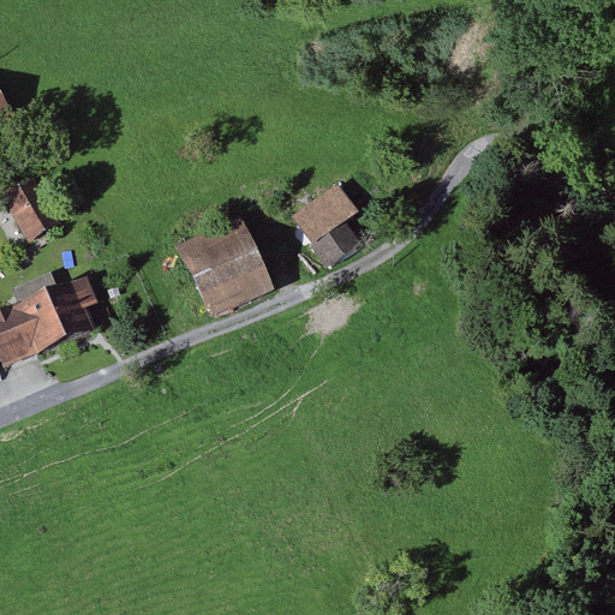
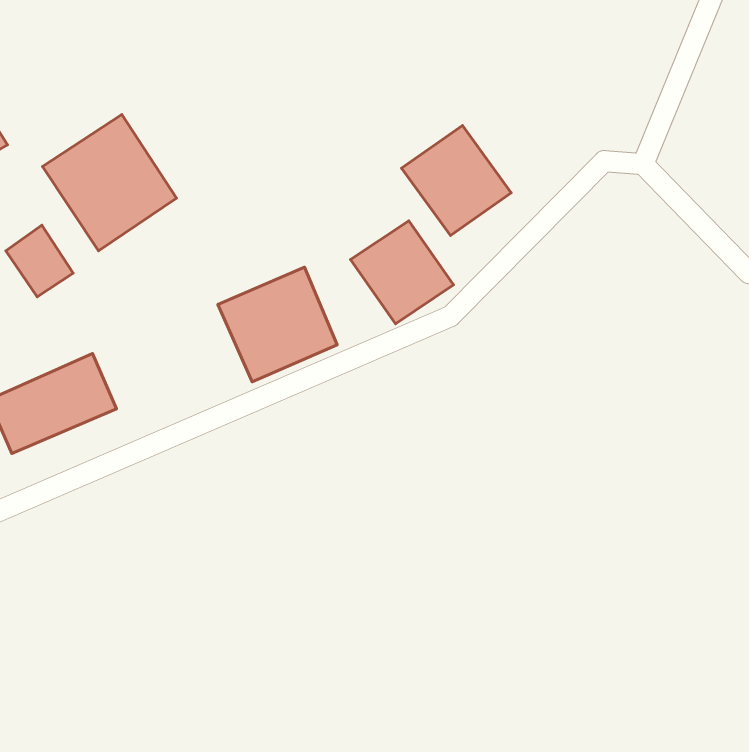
building: none -> [42,115,177,251]
building: none -> [402,125,511,235]

